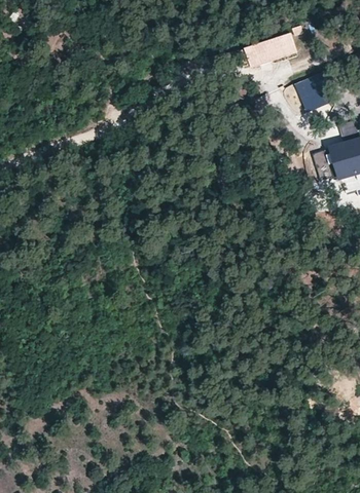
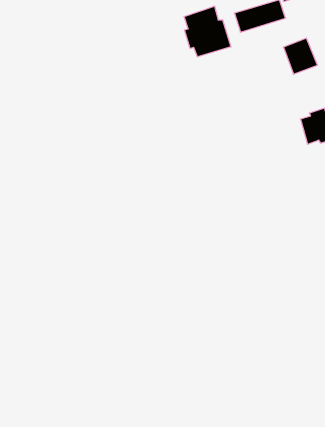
building: none -> [184,6,231,57]

